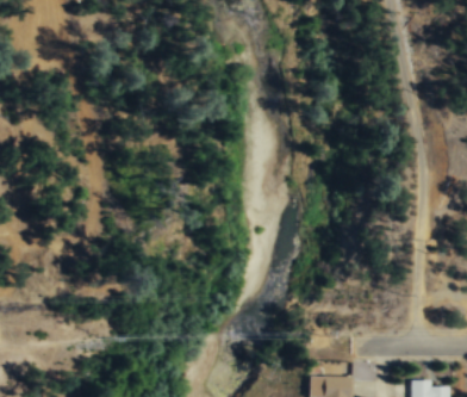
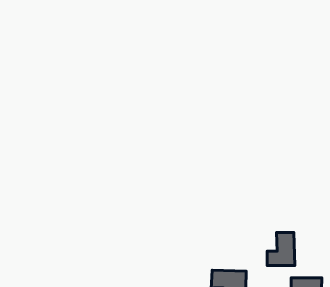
building: none -> [267,233,295,265]

